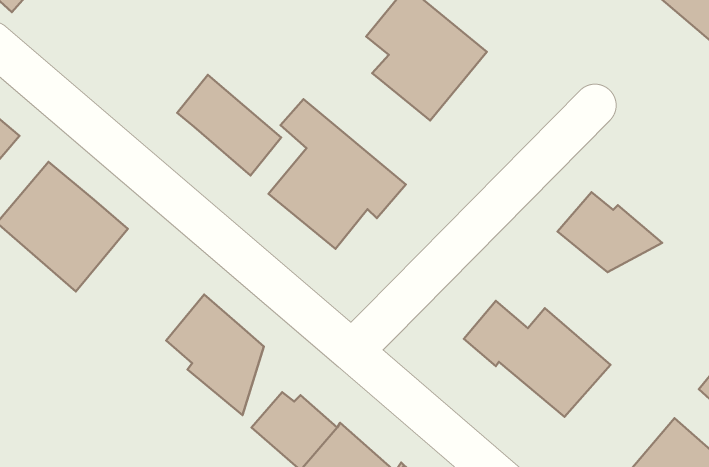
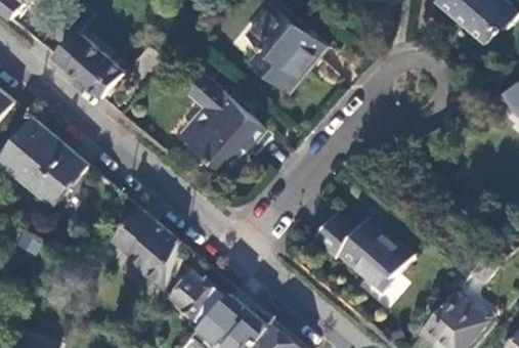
building: [177,75,281,176] -> [53,31,123,98]
building: [558,192,662,272] -> none

